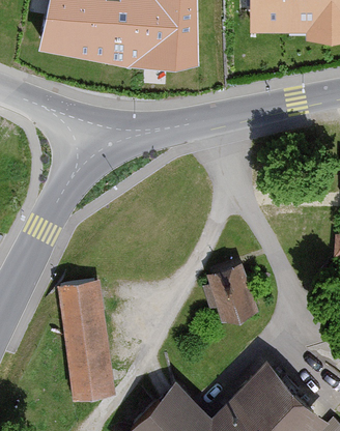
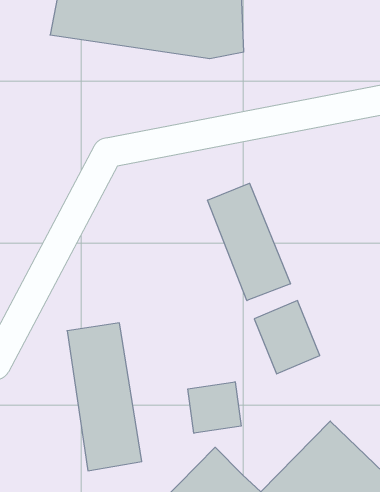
building: none -> [208,183,290,301]
building: none -> [188,382,241,433]

